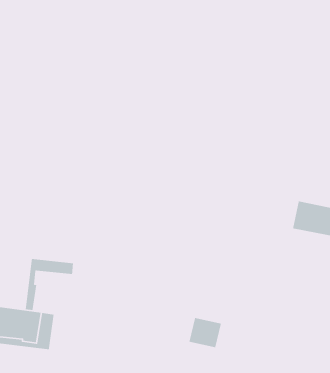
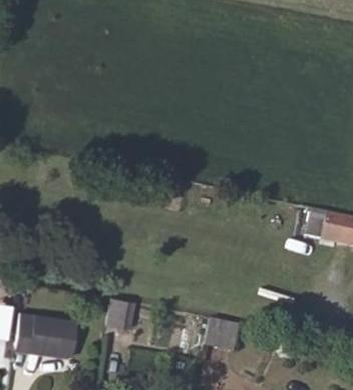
building: [25,258,74,311] -> none
building: none -> [108,297,140,329]

